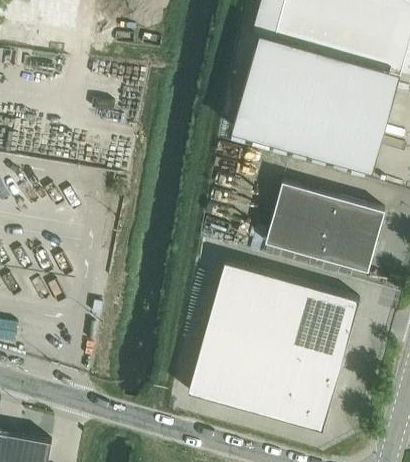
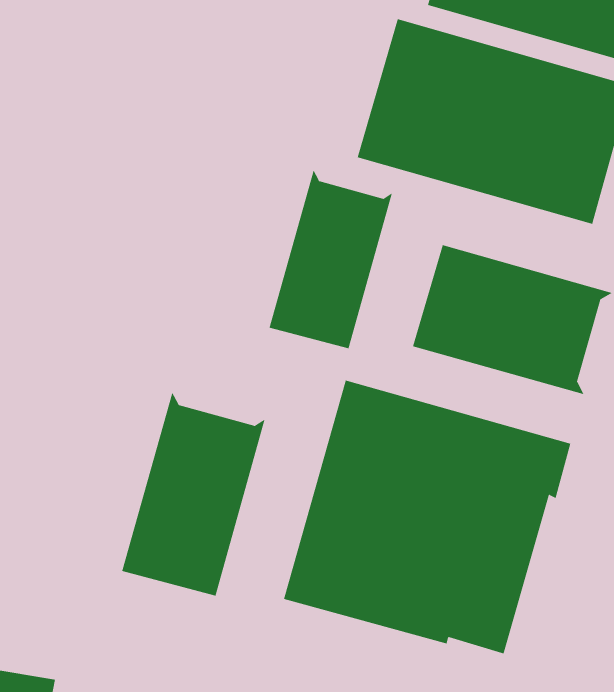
building: none -> [269,169,393,349]
building: none -> [122,391,266,596]

